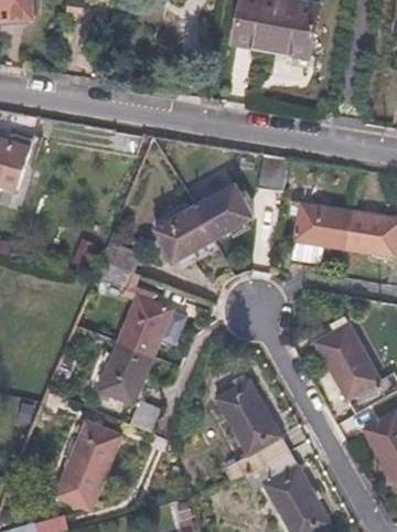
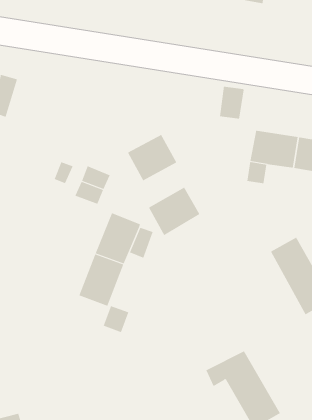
building: [194,184,253,240] -> [148,187,200,236]
building: [216,380,288,480] -> none
building: [55,422,119,509] -> none

